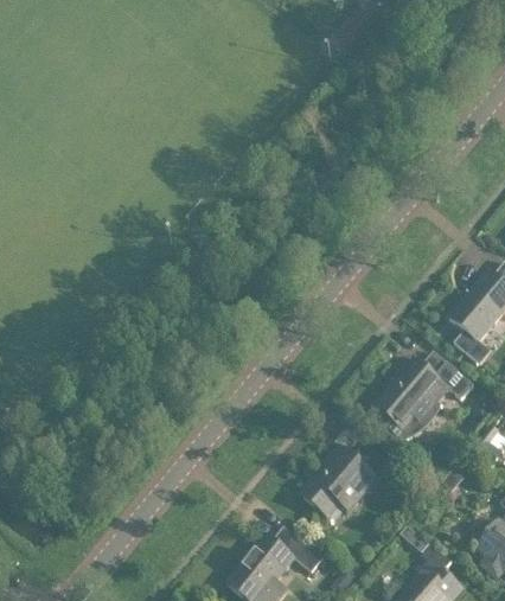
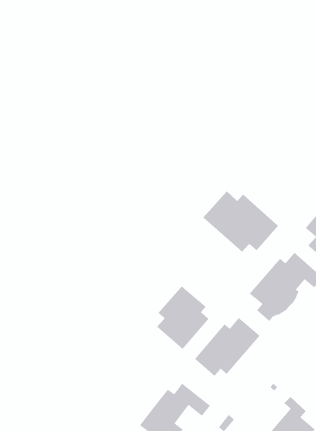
building: none -> [203,191,279,253]
building: none -> [156,285,209,350]

